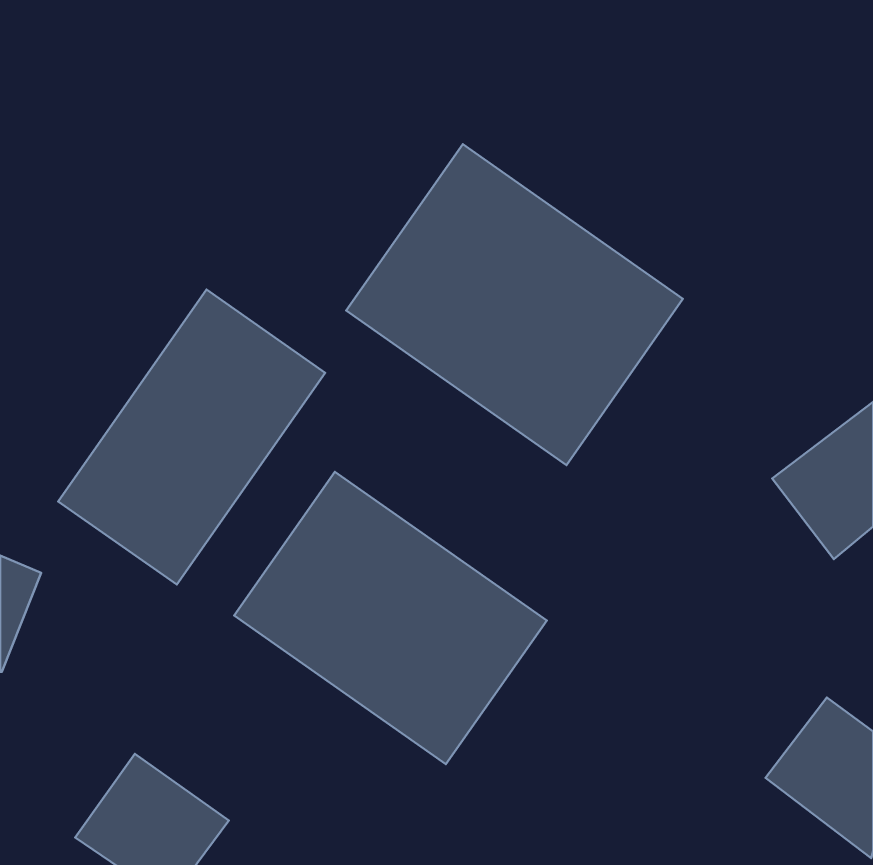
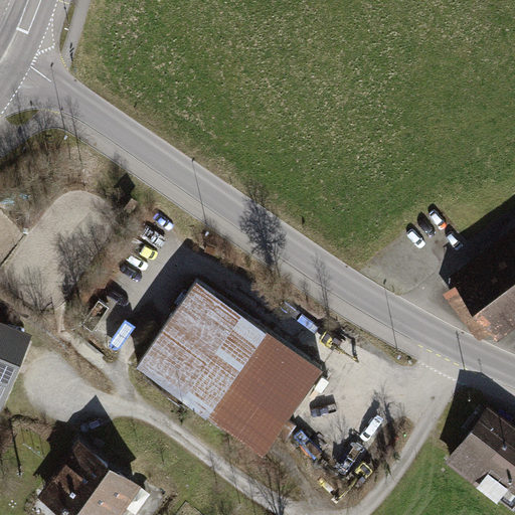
building: [346,144,683,465] -> none
building: [58,290,325,585] -> none

